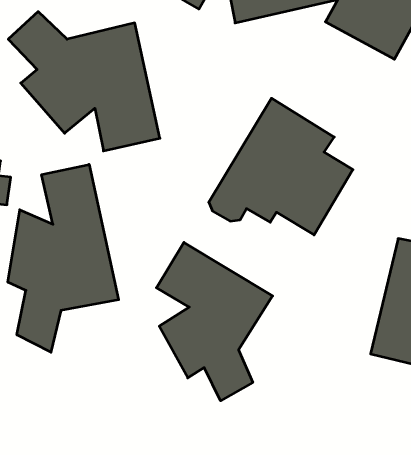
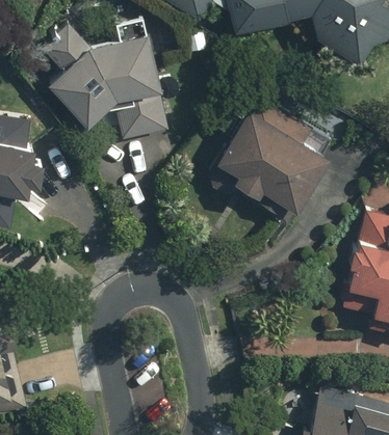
building: [8,164,119,352] -> none
building: [156,242,273,401] -> none

